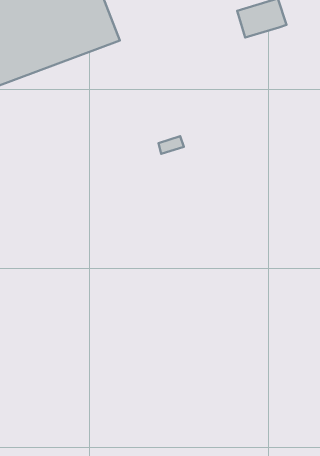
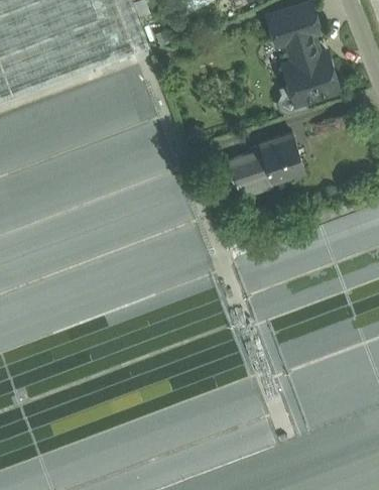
building: none -> [275,31,337,113]
building: none -> [229,132,303,192]

